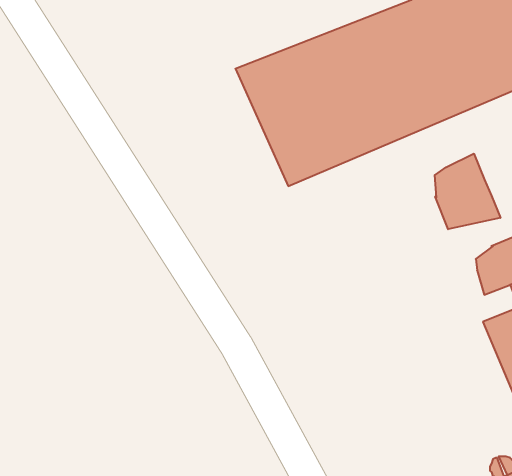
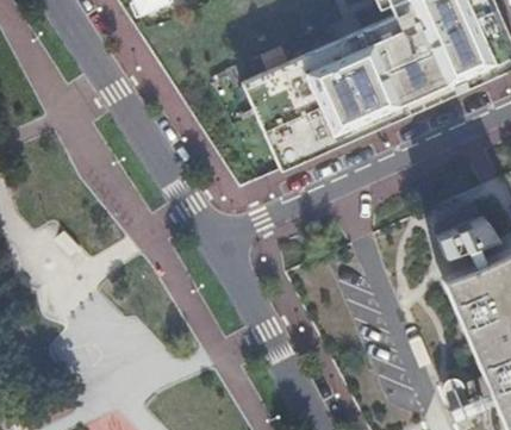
building: [435,154,500,229] -> none

